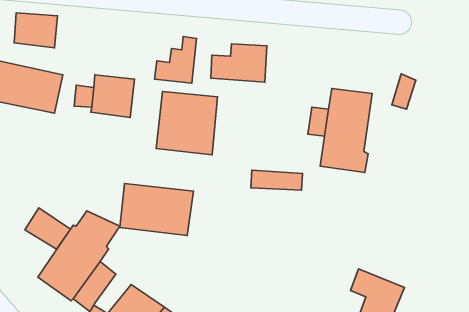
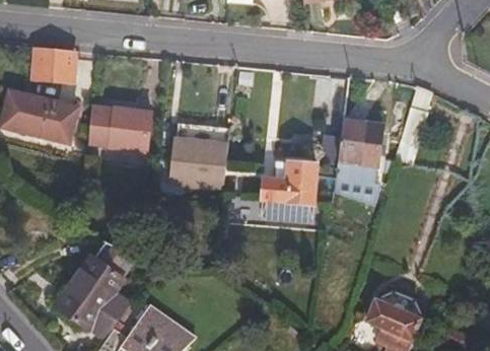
building: [154,37,197,83] -> none
building: [211,44,267,82] -> [261,162,316,200]
building: [120,184,193,236] -> none
building: [25,208,70,249] -> none

